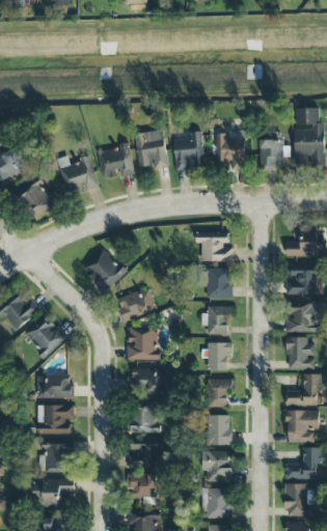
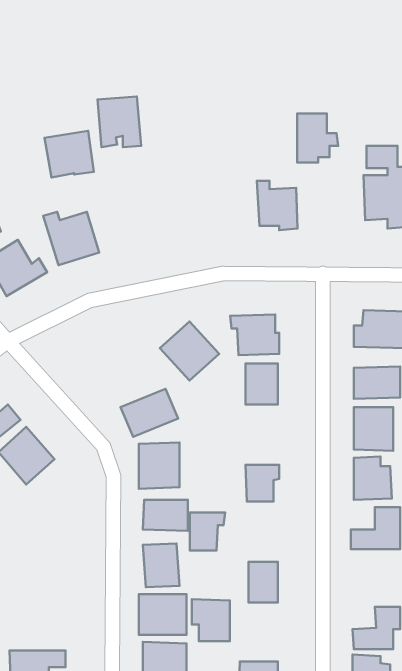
building: [135,131,167,168] -> [97,97,141,147]
building: [173,132,203,171] -> none
building: [260,133,290,169] -> [297,113,338,163]
building: [98,145,134,179] -> [45,131,94,177]
building: [82,249,126,292] -> [160,321,219,380]
building: [203,306,231,334] -> none
building: [36,375,74,398] -> none
building: [207,380,233,408] -> [190,513,225,550]
building: [36,406,73,435] -> none
building: [287,411,318,443] -> none
building: [38,444,73,472] -> none
building: [201,451,229,482] -> [192,599,230,641]

